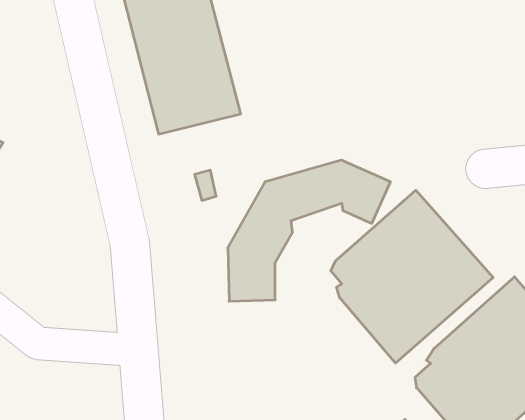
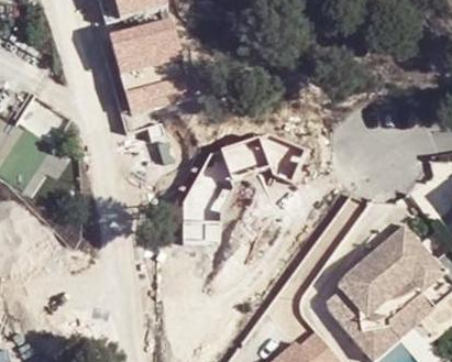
building: [331,190,493,363] -> none

